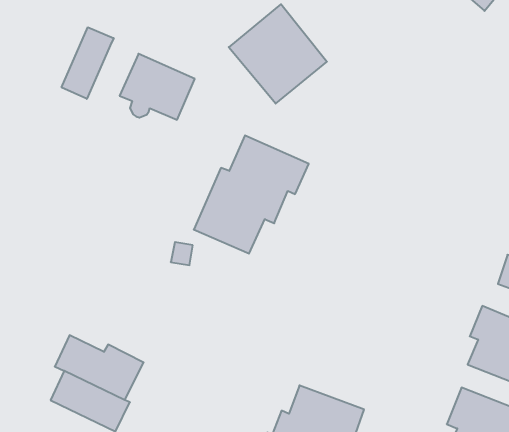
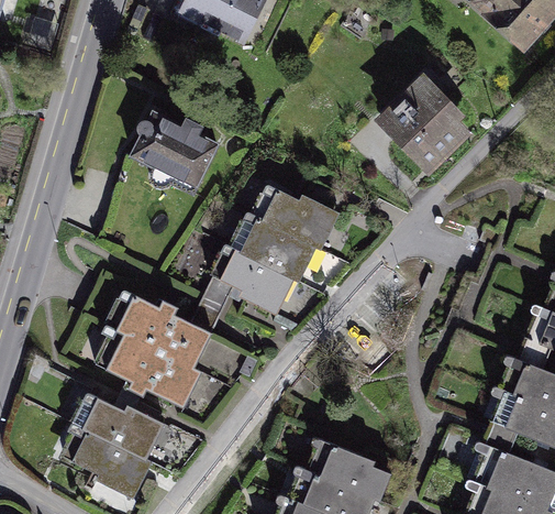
building: [229,4,327,104] -> [375,75,478,179]
building: [62,27,114,99] -> none
building: none -> [101,296,209,411]

